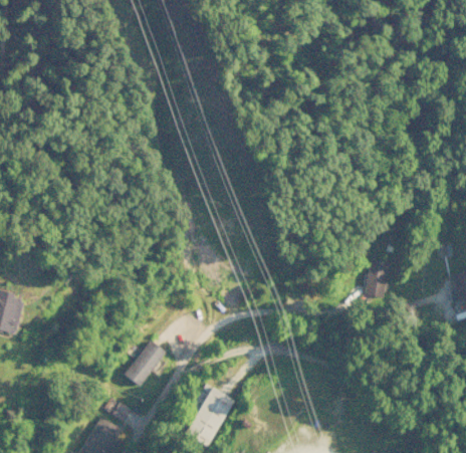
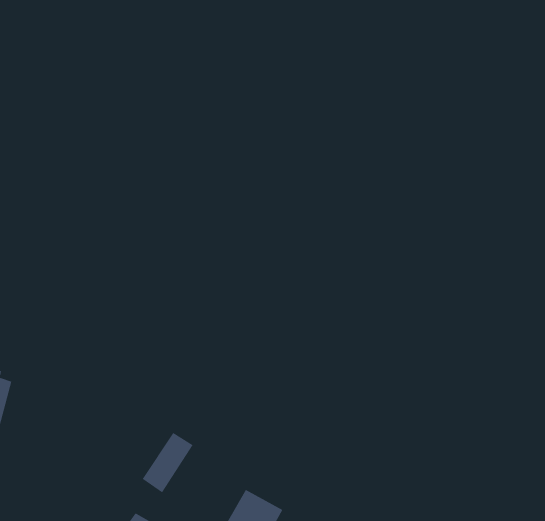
building: [366,261,387,297] -> none

